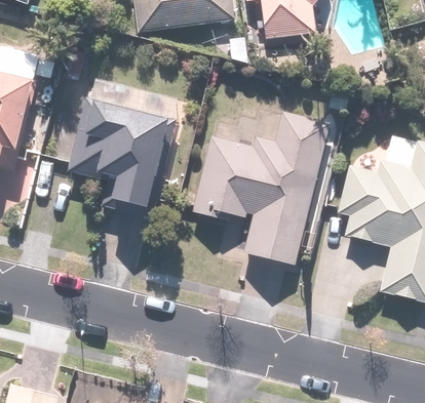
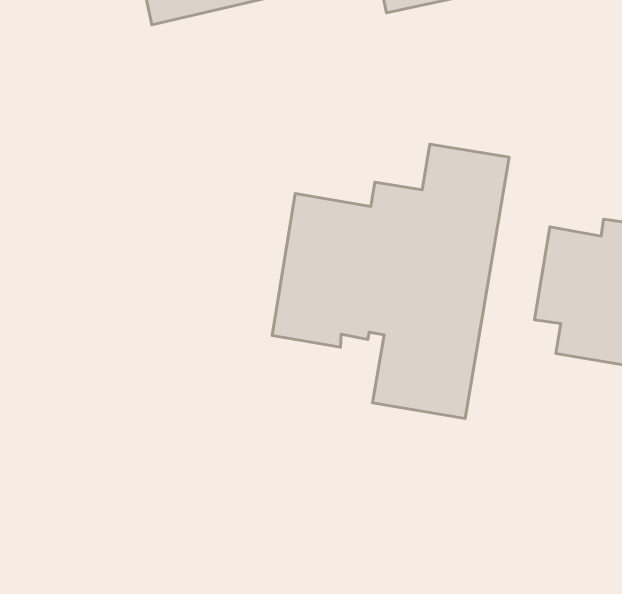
building: [68,98,170,219] -> none

